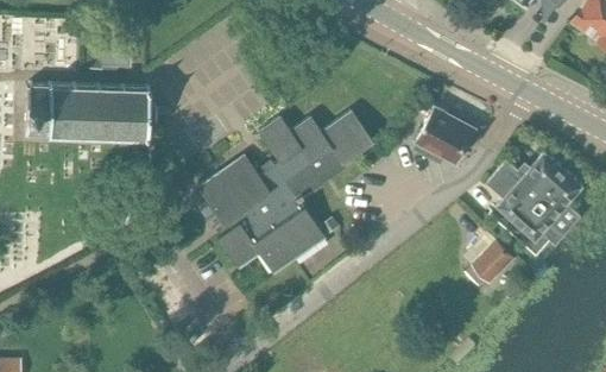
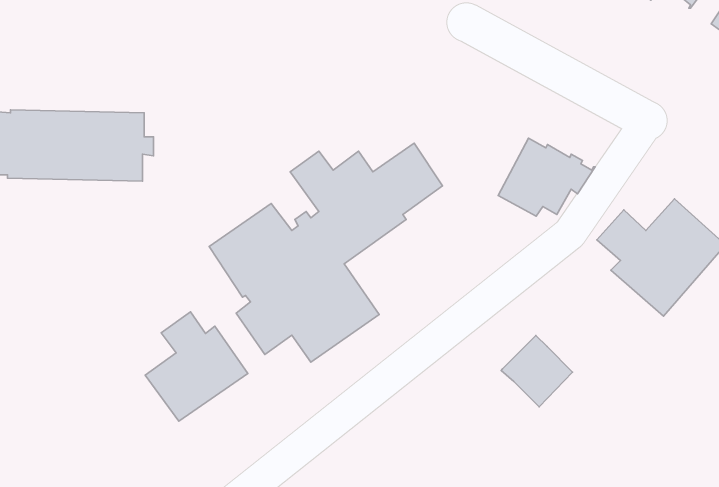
building: [462,233,516,286] -> [501,335,572,407]
building: none -> [145,312,248,421]

